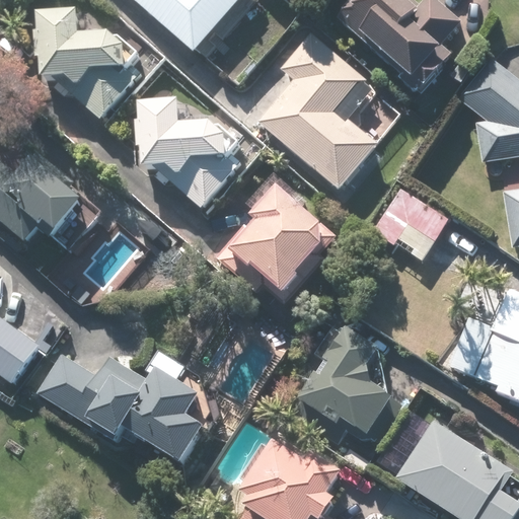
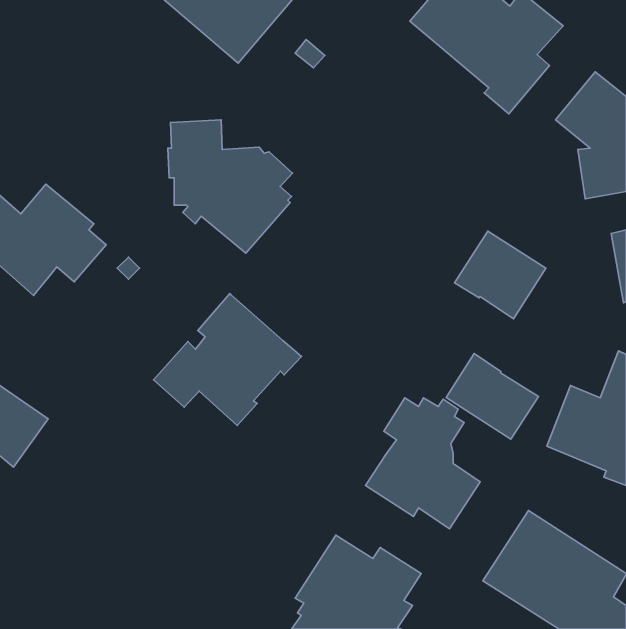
building: [38,9,138,120] -> none
building: [257,32,379,191] -> none
building: [216,184,338,293] -> [153,293,302,426]
building: none -> [446,353,539,439]
building: [36,353,208,461] -> none

